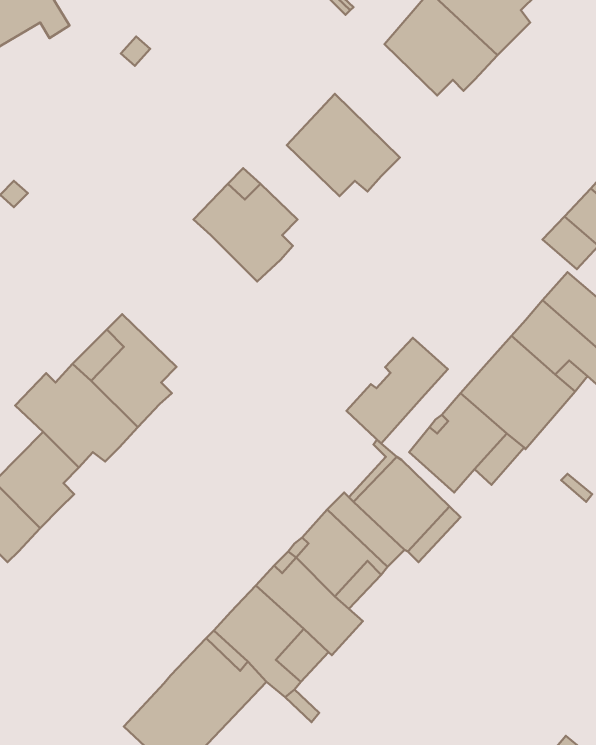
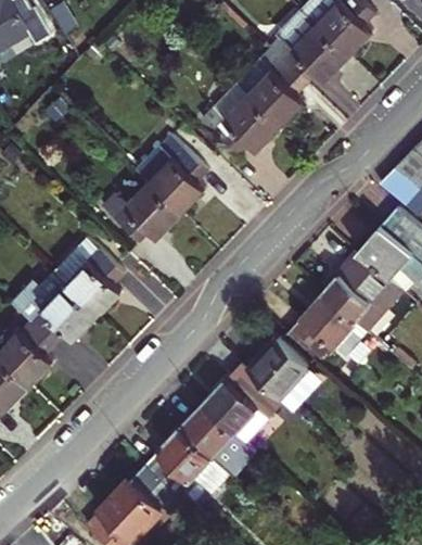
building: none -> [235,48,307,127]
building: none -> [102,181,181,242]
building: [346,338,448,444] -> none

